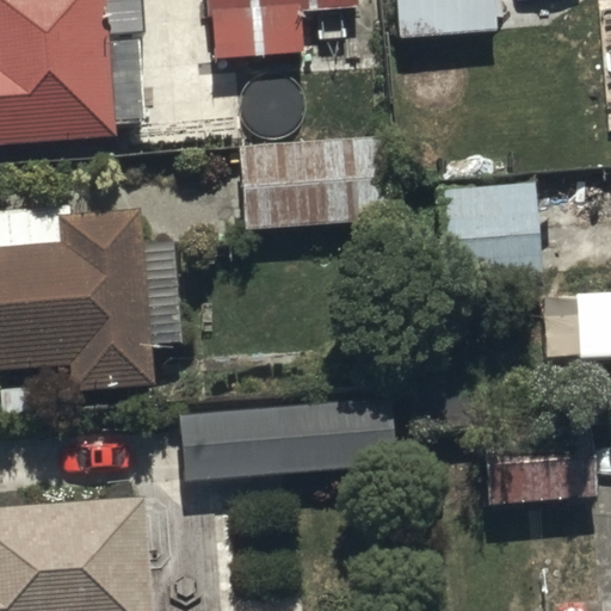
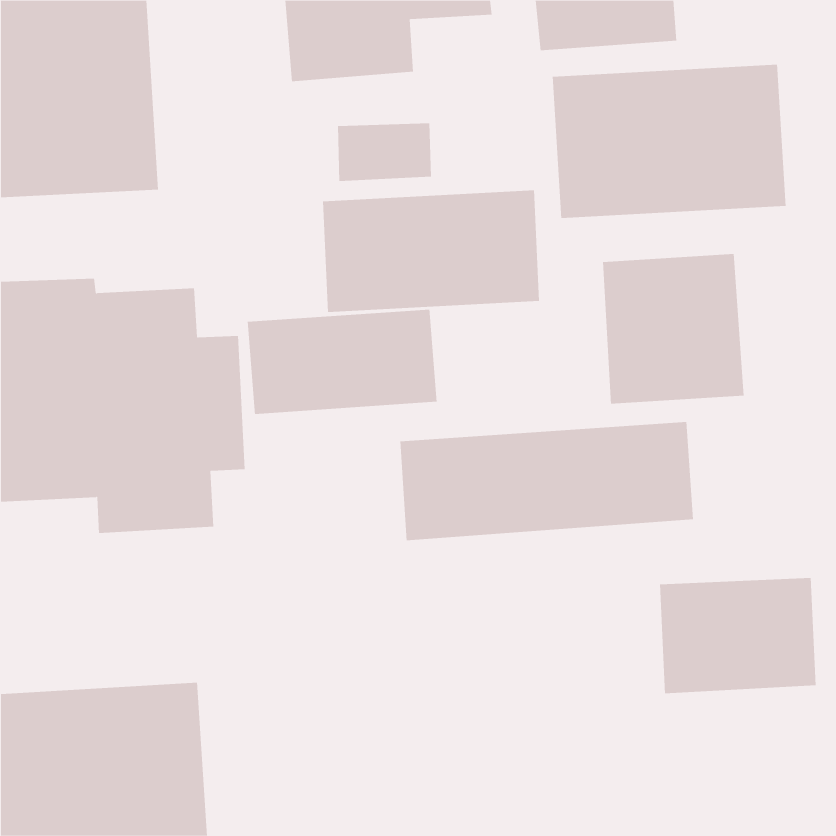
building: none -> [552,64,786,219]
building: none -> [247,309,437,415]
building: [181,396,396,483] -> [399,421,694,541]

